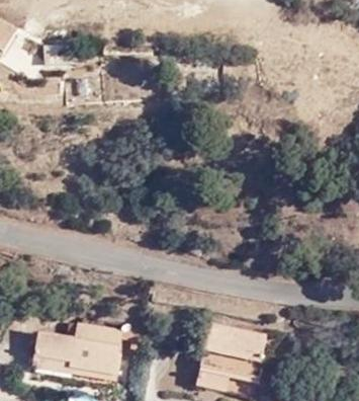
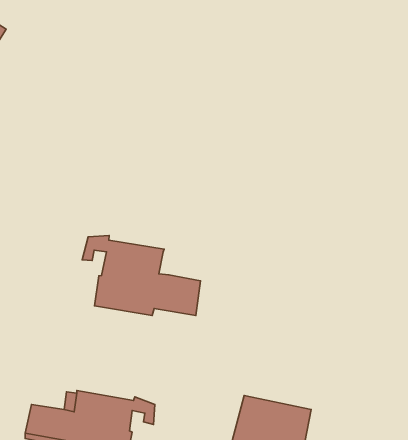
building: none -> [82,235,201,316]

